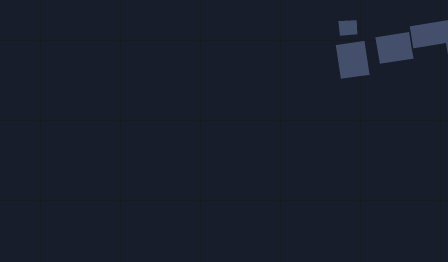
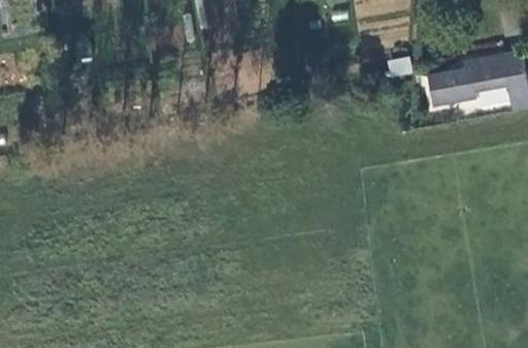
building: [335,40,370,80] -> none

